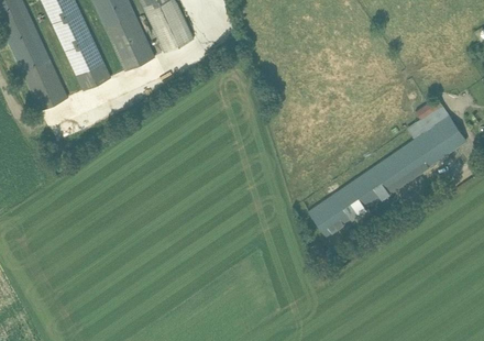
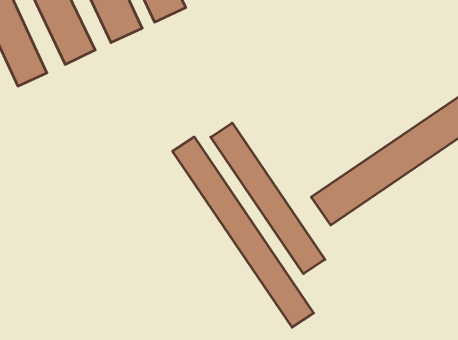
building: none -> [211,123,325,274]
building: none -> [173,137,314,327]

